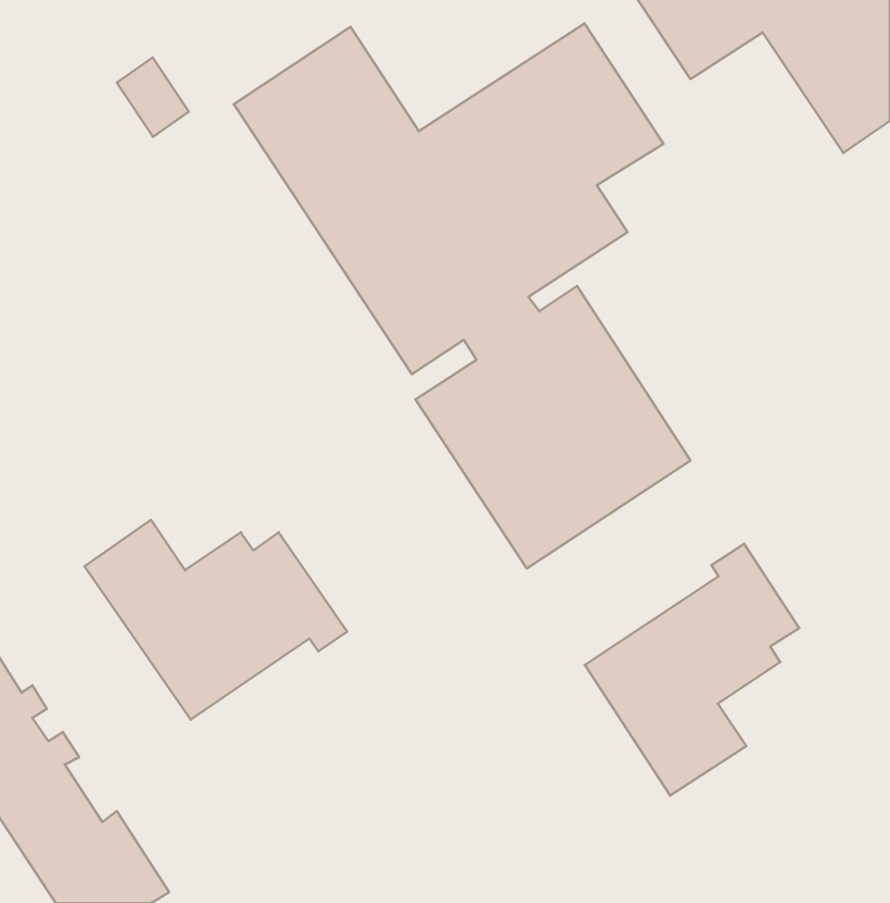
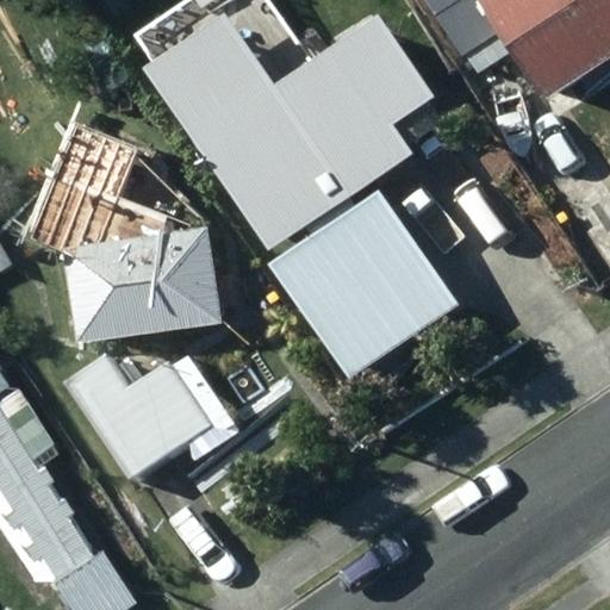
building: none -> [38,124,223,342]
building: [585,544,799,796] -> none

